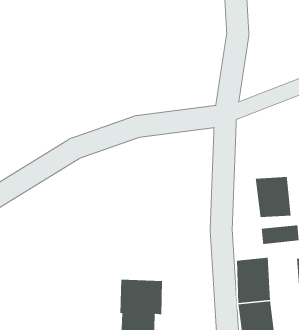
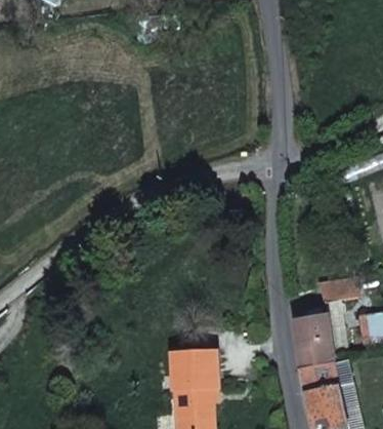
building: [255,176,292,218] -> none

